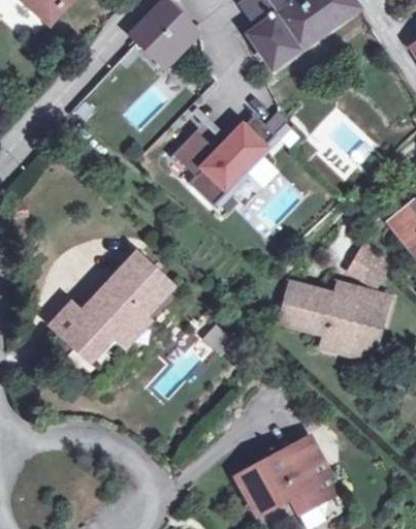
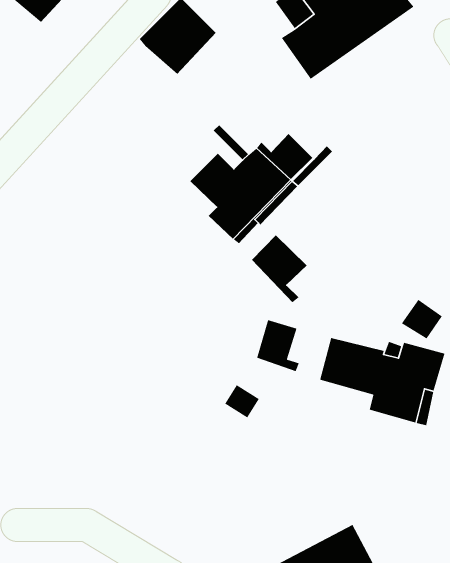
building: none -> [251,235,308,303]
building: [52,254,169,360] -> none
building: none -> [256,319,300,372]

